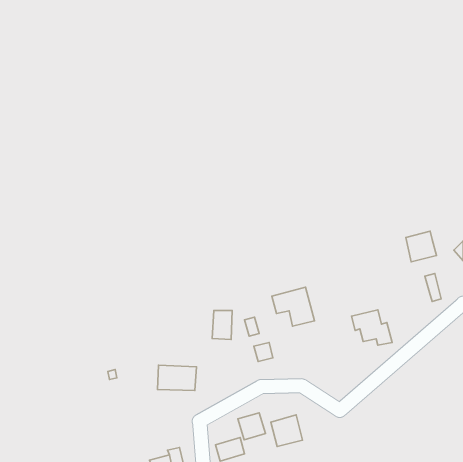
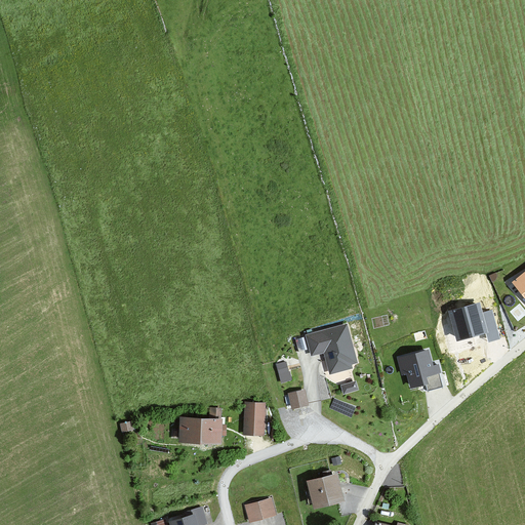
building: [406,231,437,262] -> [451,305,486,339]
building: [212,310,232,339] -> [243,401,266,434]
building: [238,413,266,440] -> none

